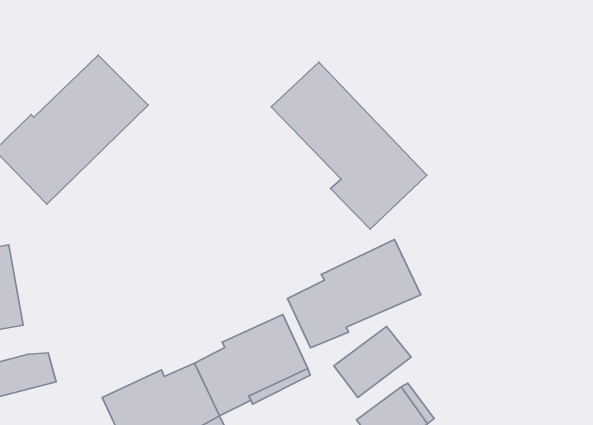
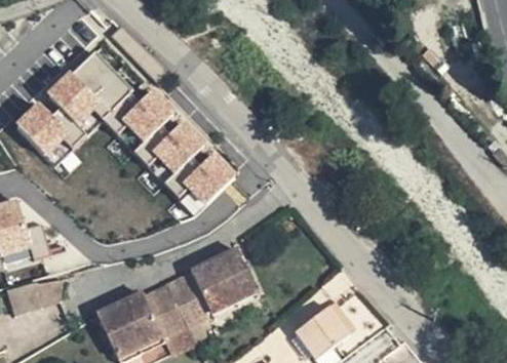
building: [271,62,427,229] -> [116,84,237,214]
building: [288,239,421,348] -> none
building: [334,327,411,398] -> none

